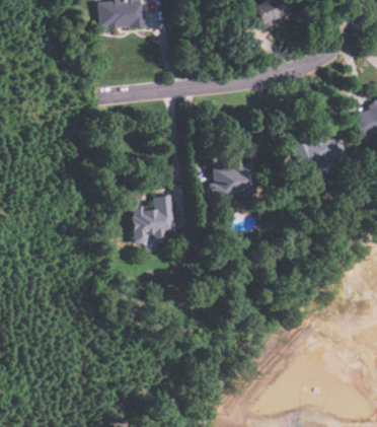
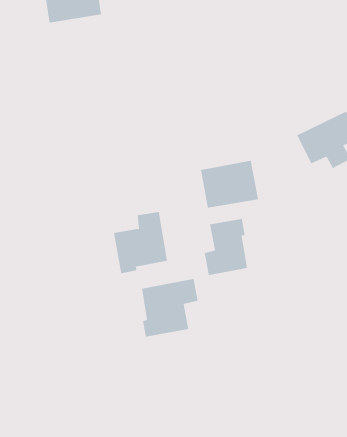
building: none -> [204,218,248,276]
building: none -> [141,278,198,337]

